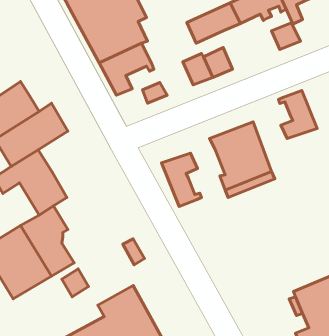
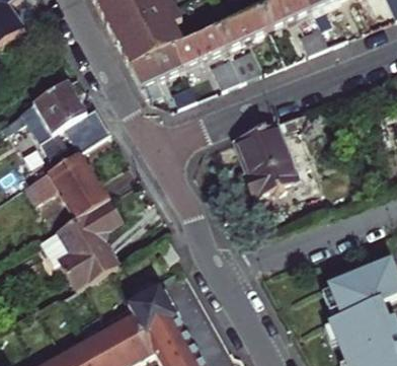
building: none -> [174,23,228,64]
building: [278,90,317,139] -> none
building: [162,153,201,206] -> none

